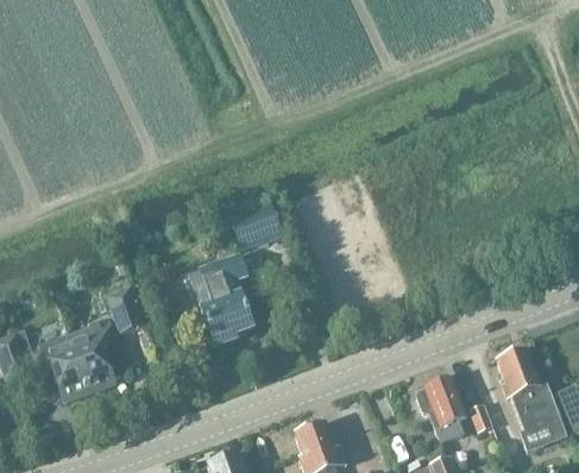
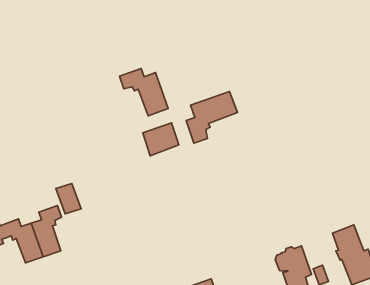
building: none -> [119,69,168,116]
building: none -> [186,91,237,143]
building: [194,256,252,345] -> none

